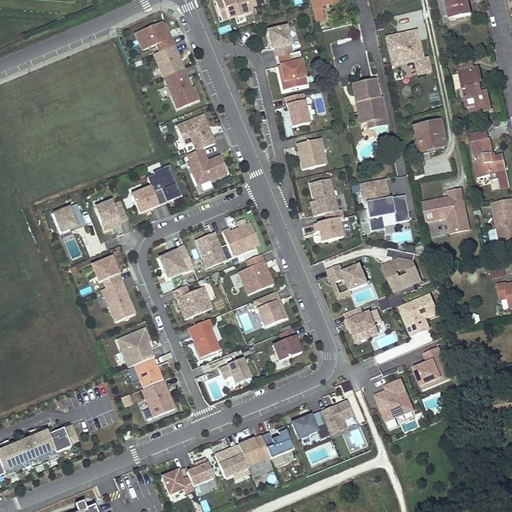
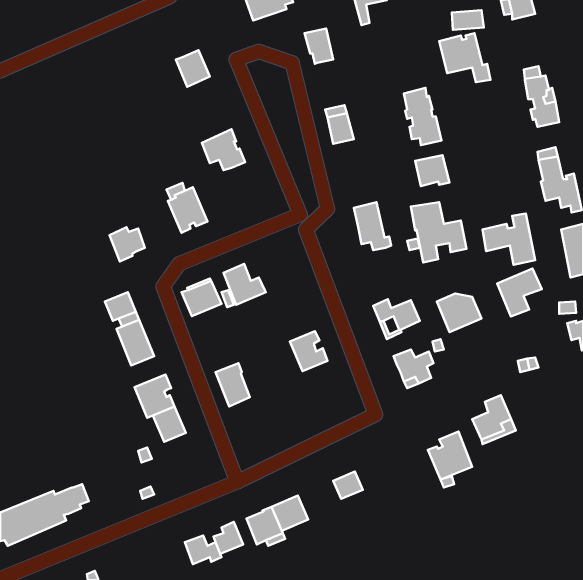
building: [135,21,174,50] -> none
building: [278,50,307,89] -> none
building: [164,67,199,108] -> none
building: [414,120,444,147] -> [415,155,449,186]
building: [297,137,326,167] -> none
building: [187,147,227,183] -> none
building: [131,185,159,212] -> none
building: [53,202,85,231] -> none
building: [314,217,343,241] -> none
building: [222,222,259,254] -> none
building: [238,253,274,293] -> none
building: [173,284,212,318] -> none
building: [400,293,439,335] -> [497,269,542,316]
building: [273,327,301,360] -> none
building: [220,358,250,382] -> none
building: [142,379,175,416] -> none
building: [321,399,353,433] -> none
building: [261,425,294,457] -> none

